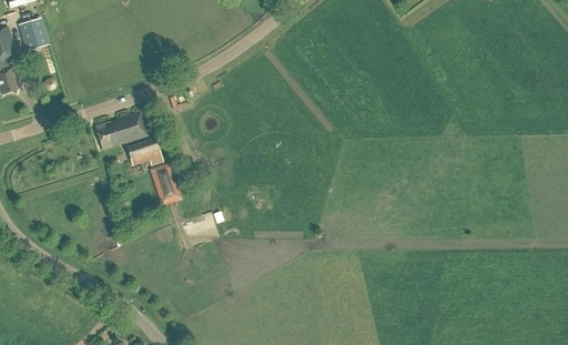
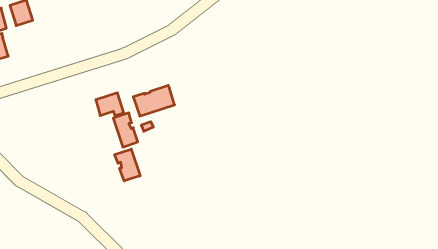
building: [95,110,148,149] -> [133,85,175,116]
building: none -> [115,149,140,181]

